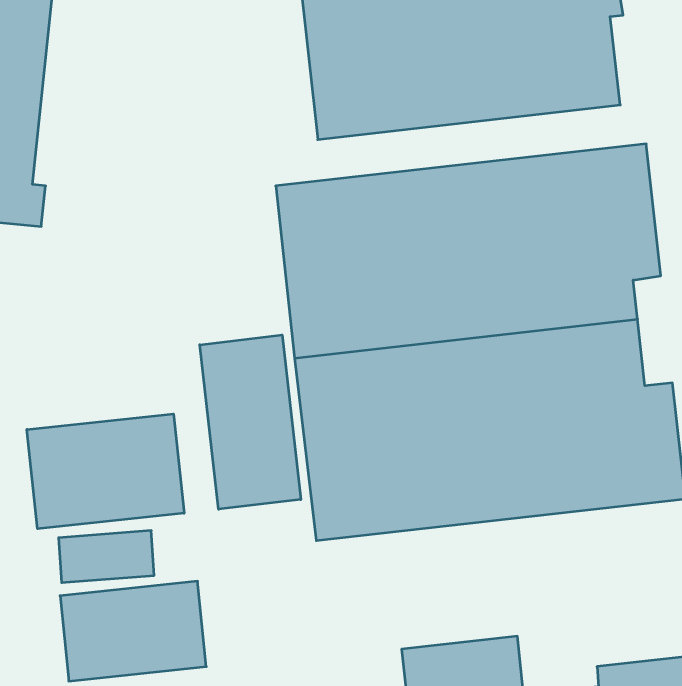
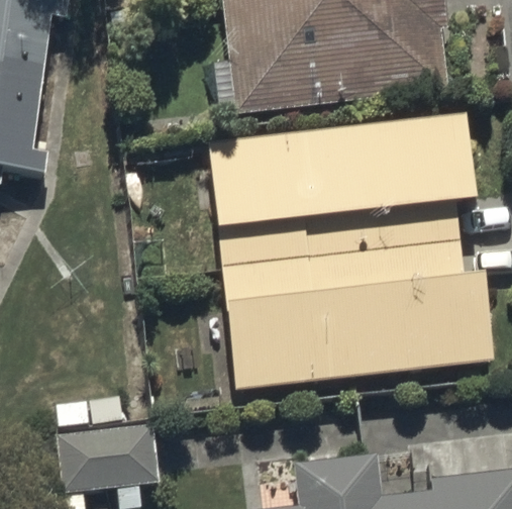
building: [200,335,301,509] -> none
building: [27,414,184,529] -> none

